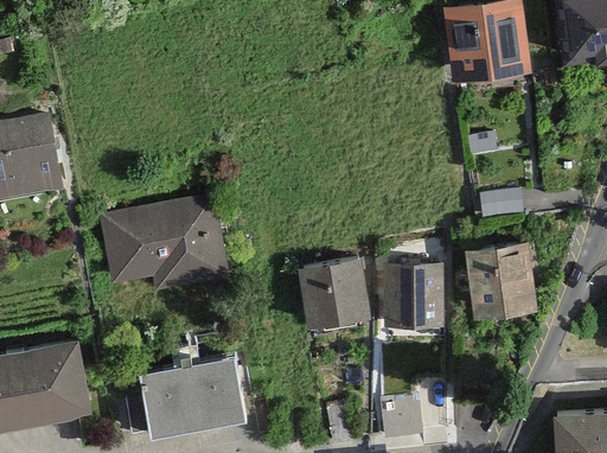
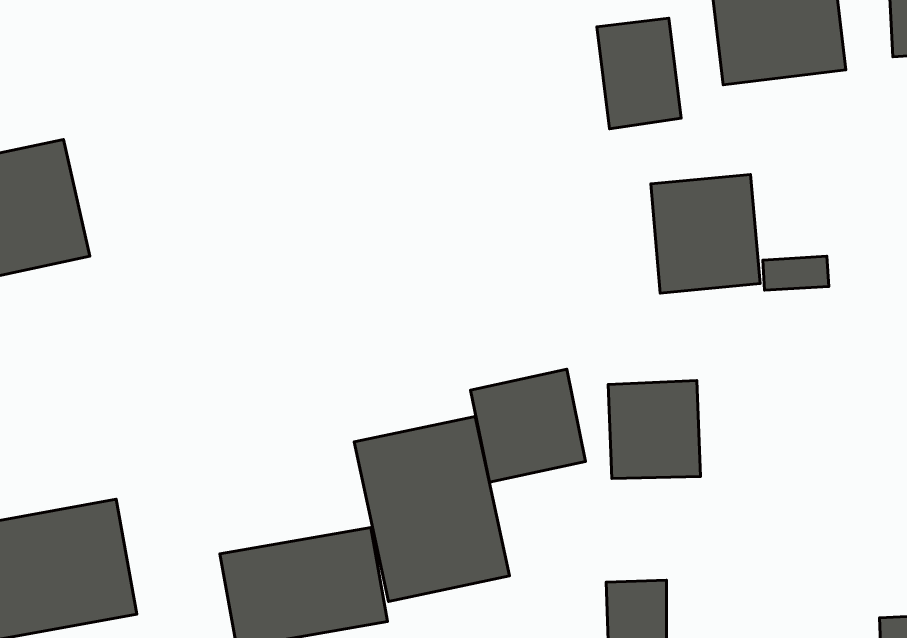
building: none -> [597,18,681,129]
building: [100,197,226,292] -> none
building: [468,245,537,320] -> [651,174,760,293]
building: none -> [354,416,510,601]

